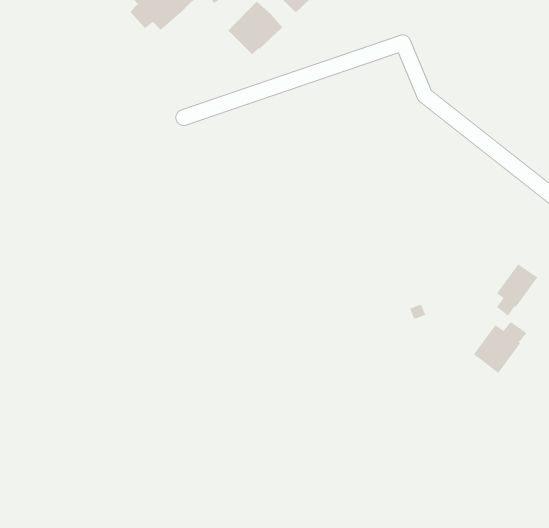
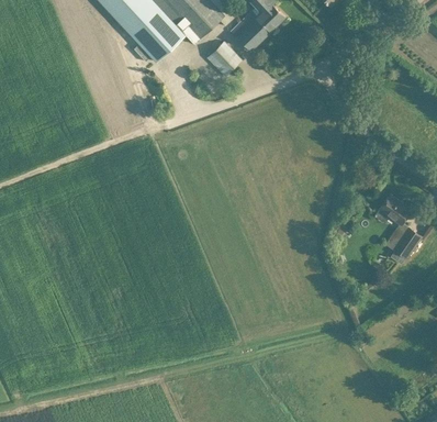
building: none -> [376,193,412,224]
building: [473,321,527,374] -> none

